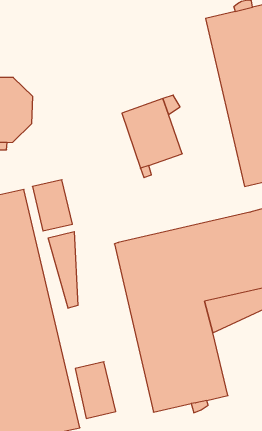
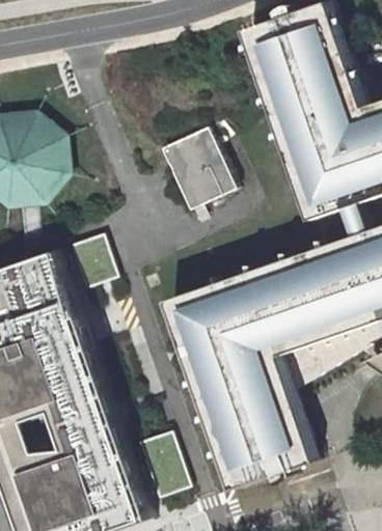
building: [48,232,78,308] -> none

